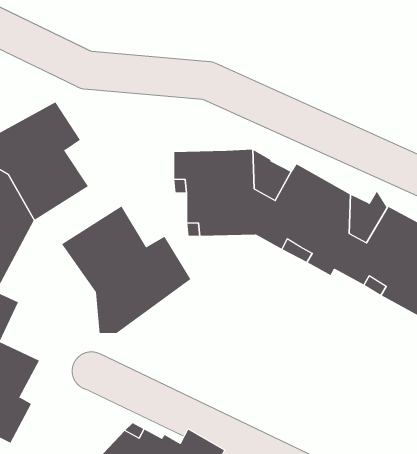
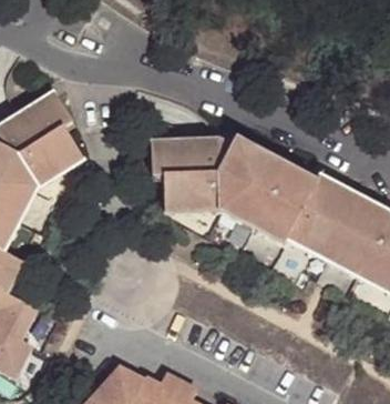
building: [61,206,191,334] -> none

